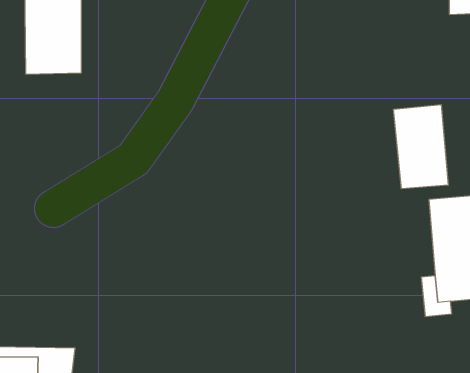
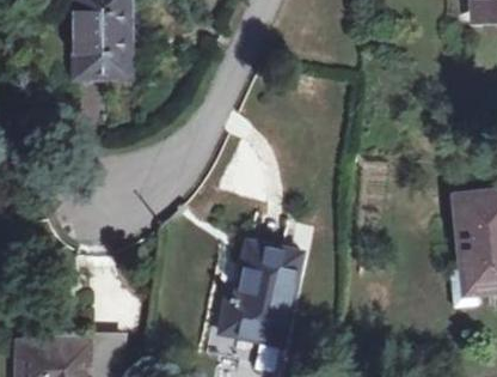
building: [394,105,448,189] -> none
building: none -> [222,244,300,342]

